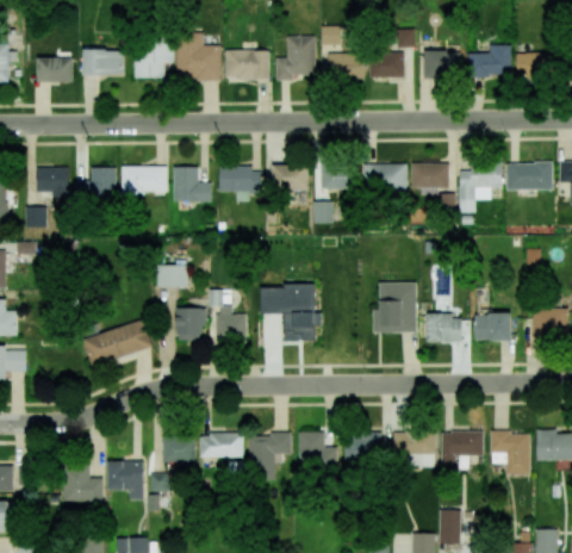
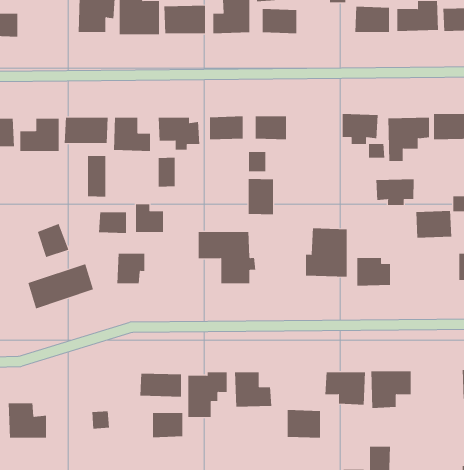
building: [82,50,124,76] -> none
building: [369,54,404,79] -> none
building: [373,164,406,192] -> none
building: none -> [88,155,106,197]
building: none -> [158,157,175,188]
building: none -> [248,178,273,215]
building: none -> [376,178,414,206]
building: none -> [37,223,69,258]
building: [216,307,245,337] -> [135,204,164,233]
building: [473,313,511,342] -> [415,211,452,238]
building: [344,433,380,462] -> [287,410,321,438]
building: [490,433,530,476] -> none
building: [162,436,194,462] -> [152,413,183,438]
building: [106,461,143,501] -> none

